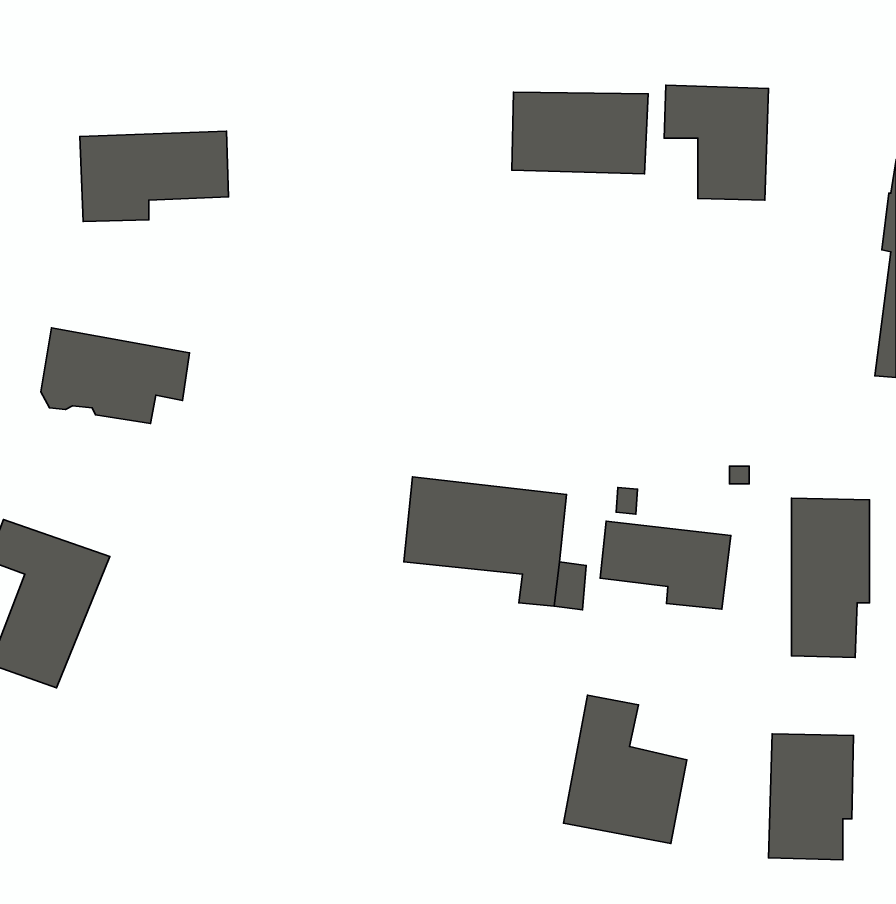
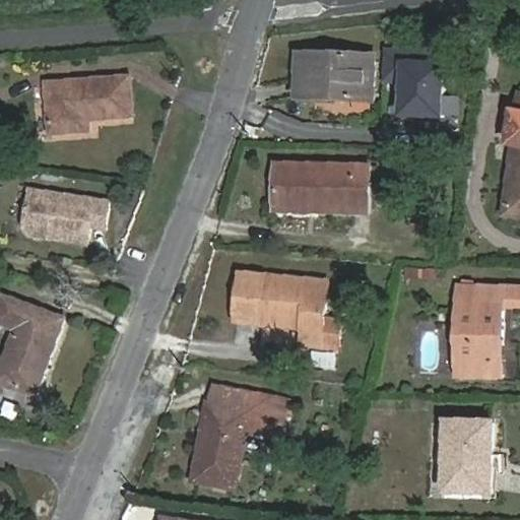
building: none -> [271,162,366,212]
building: [600,521,731,609] -> none
building: none -> [191,385,285,486]
building: [563,695,687,844] -> none

